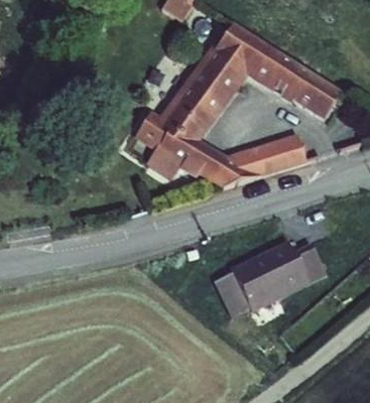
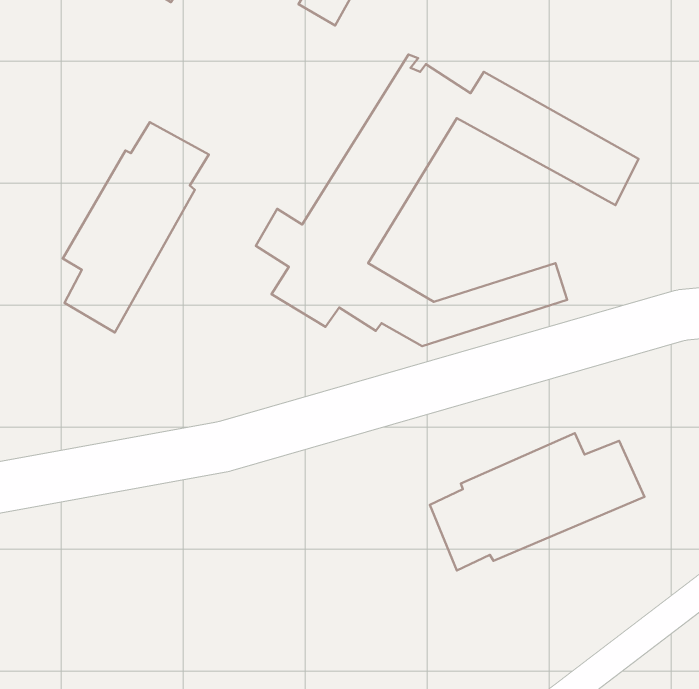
building: none -> [63,122,209,333]

